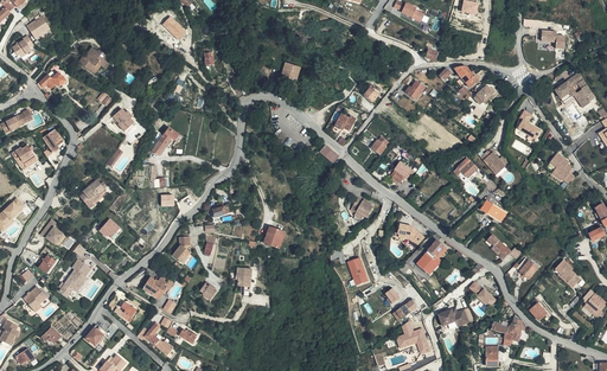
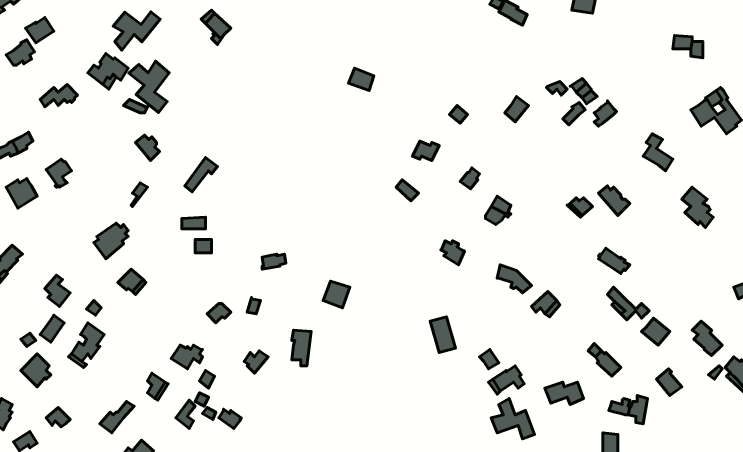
building: none -> [113,12,160,50]
building: none -> [129,61,169,113]

